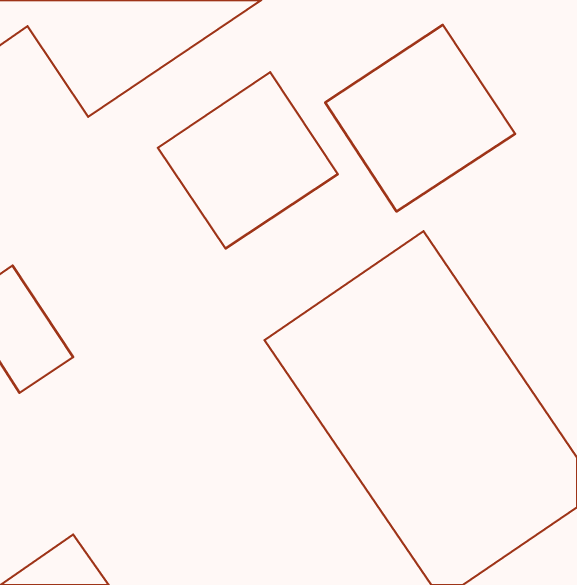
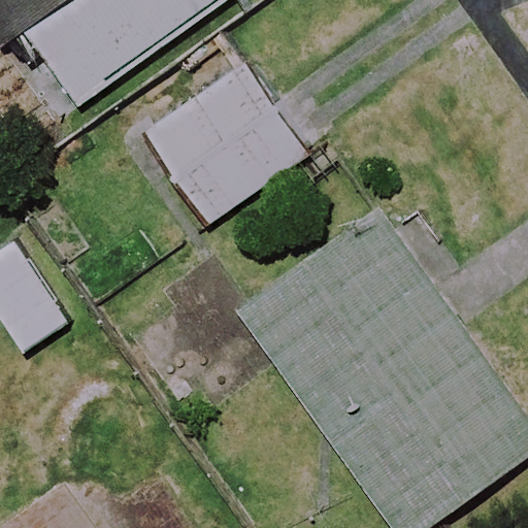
building: [325,25,515,211] -> none

